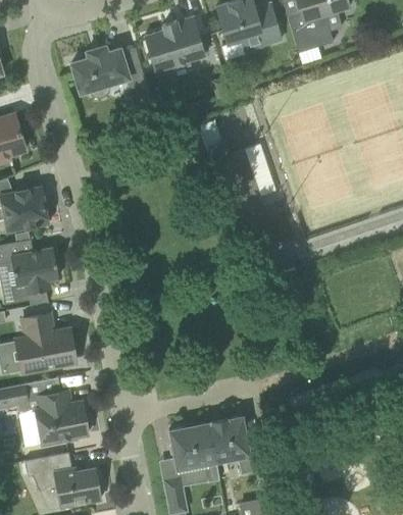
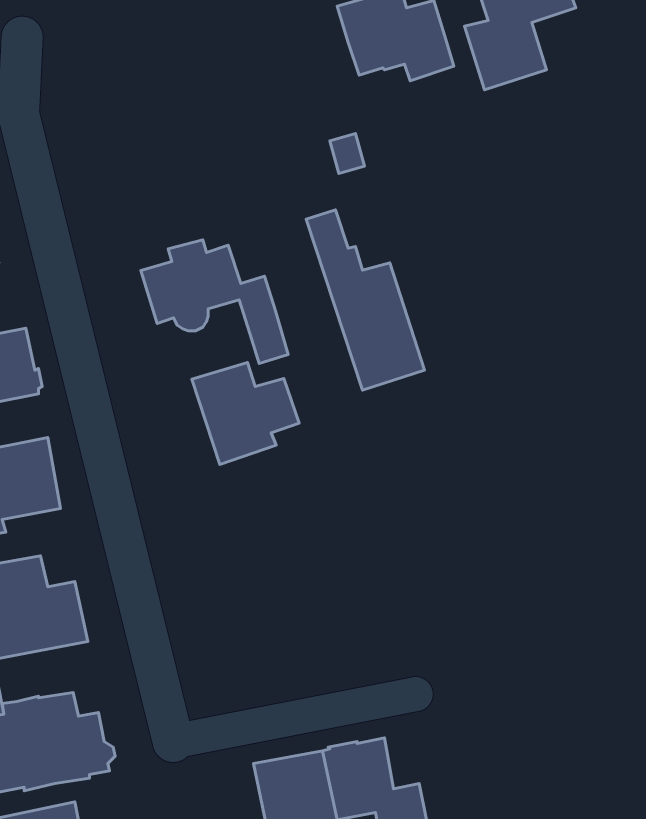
building: [145,15,206,70] -> none
building: [71,45,154,114] -> [141,240,288,363]
building: none -> [192,362,299,464]

